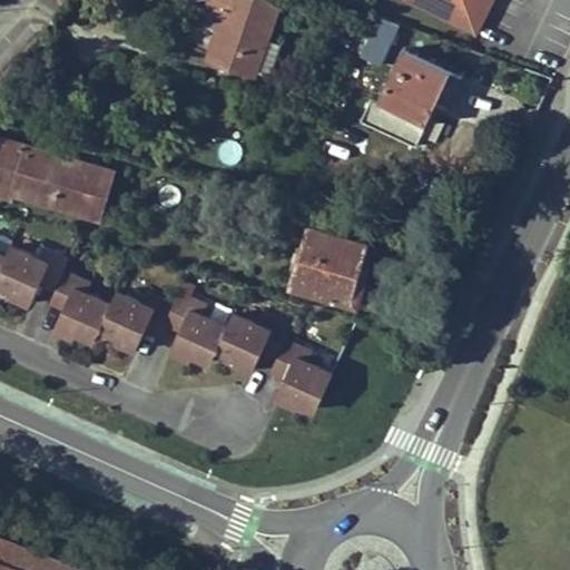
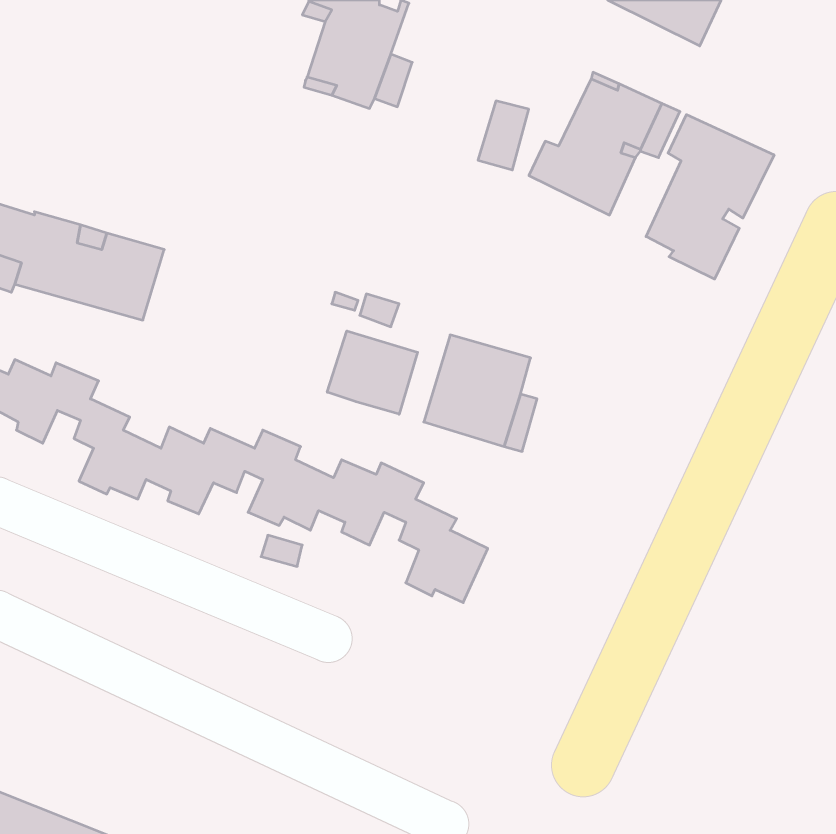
building: [360,17,394,63] -> [478,101,529,170]
building: none -> [646,115,774,279]
building: none -> [327,331,418,414]

